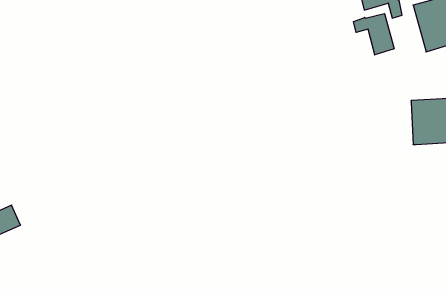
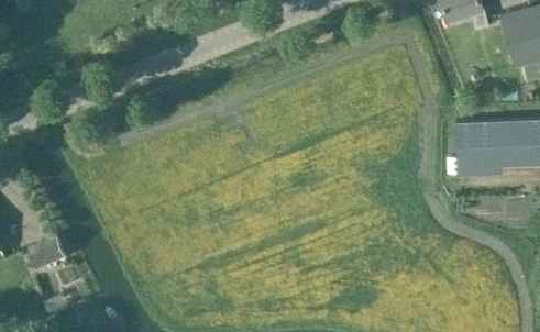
building: [353,14,394,55] -> none
building: none -> [455,122,503,176]

